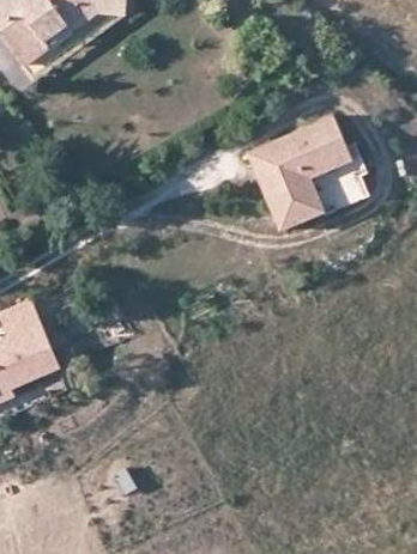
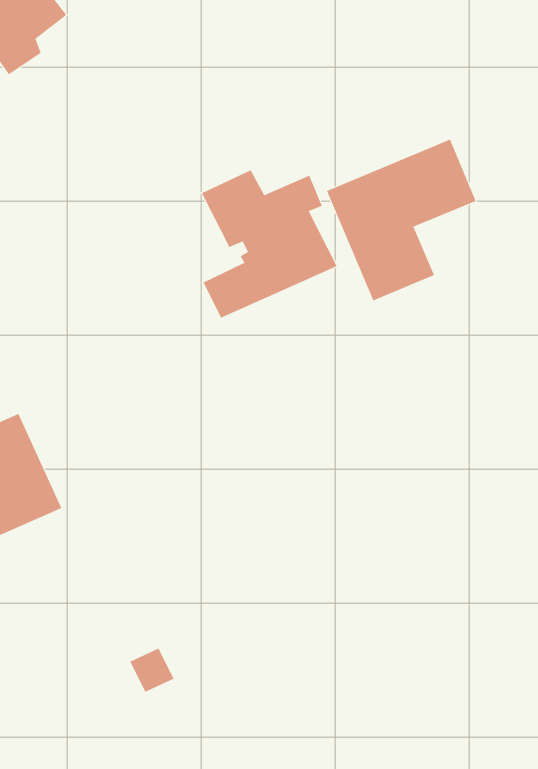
building: none -> [201,169,338,319]
building: [306,152,365,211] -> none

